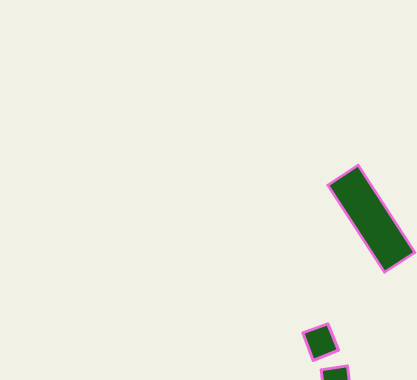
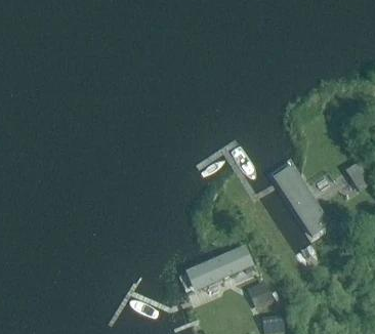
building: none -> [184,244,254,291]

